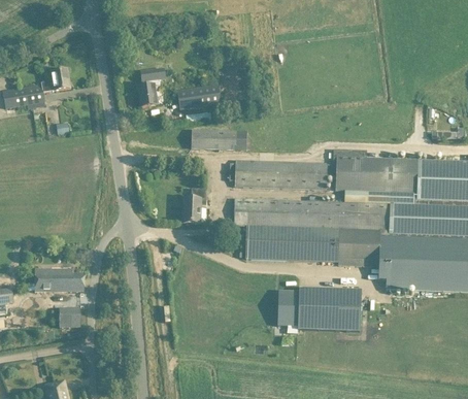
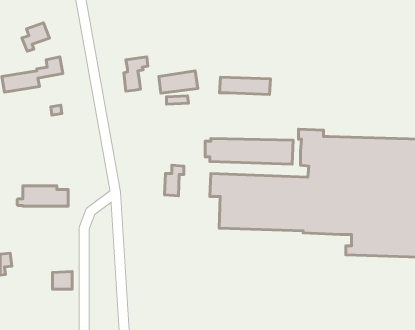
building: none -> [22,23,49,51]
building: [191,130,247,149] -> [220,77,270,95]
building: [28,268,85,291] -> [17,186,68,206]
building: [277,288,361,331] -> none

